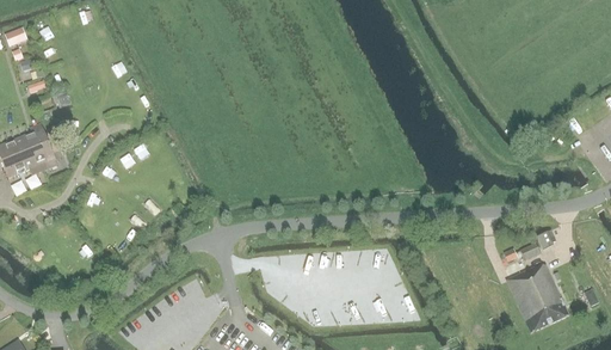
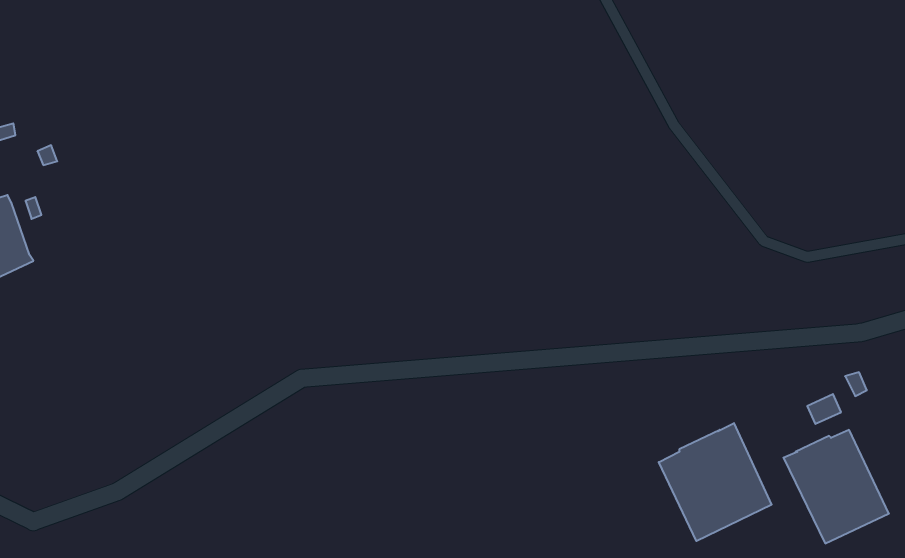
building: none -> [659,423,772,541]

